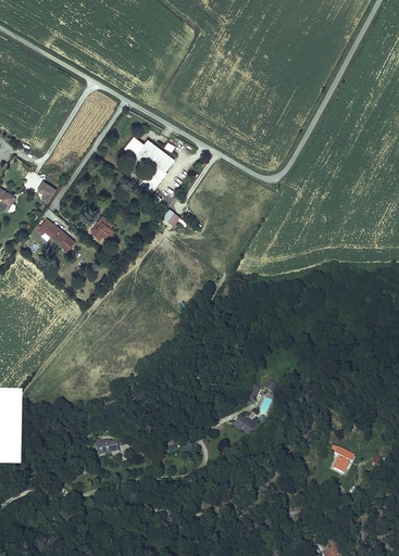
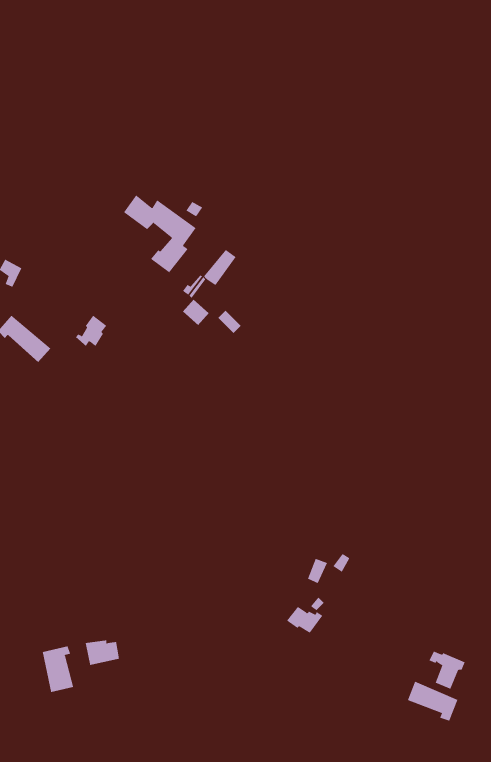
building: none -> [42,645,74,693]
building: none -> [407,681,458,721]

